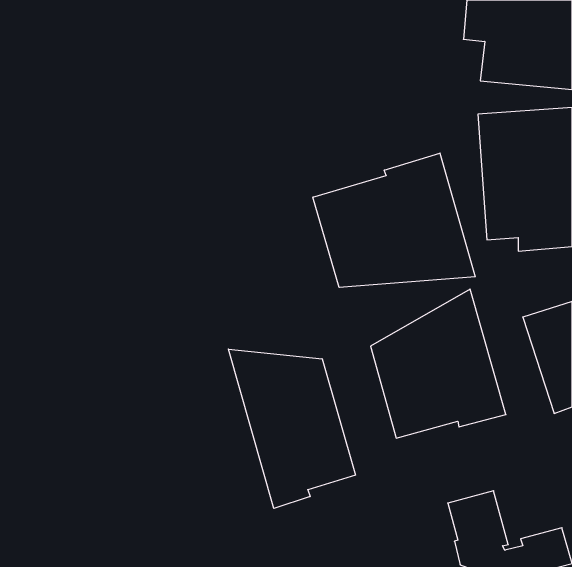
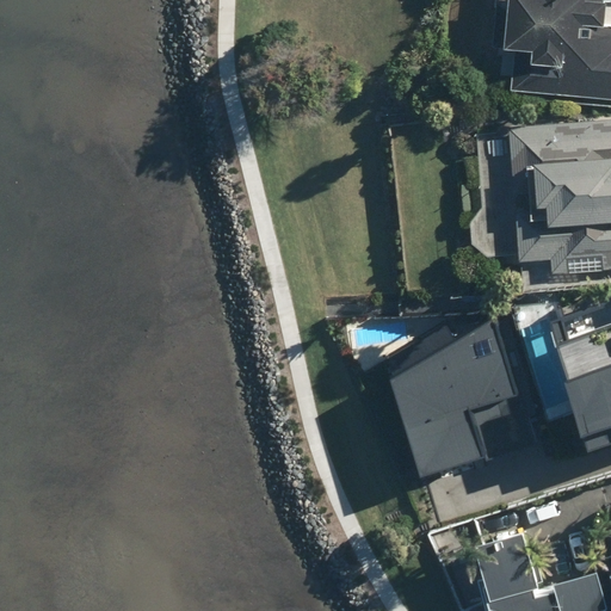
building: [313,153,475,287] -> none
building: [228,349,356,508] -> none

